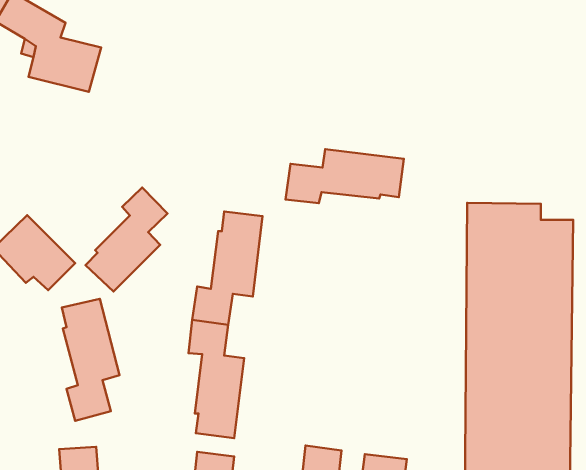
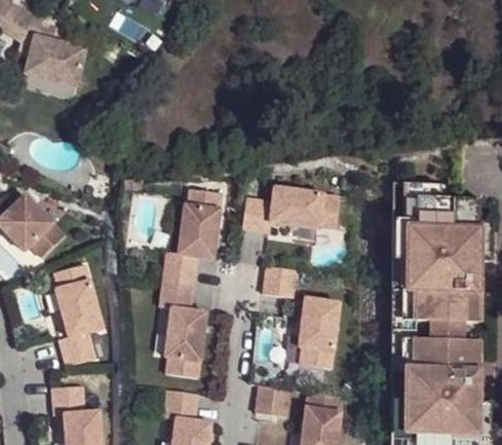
building: [286,149,404,203] -> [241,187,340,232]
building: [86,188,167,292] -> none
building: none -> [263,266,297,297]
building: none -> [298,298,340,368]

